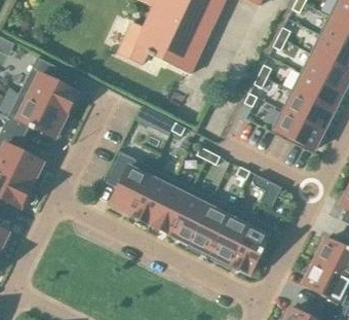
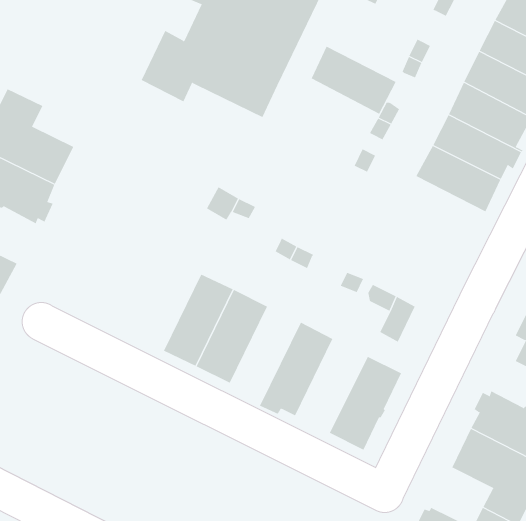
building: [272,109,323,150] -> [311,46,397,115]
building: [106,151,153,214] -> none
building: [170,187,212,247] -> none
building: [209,207,253,266] -> none

